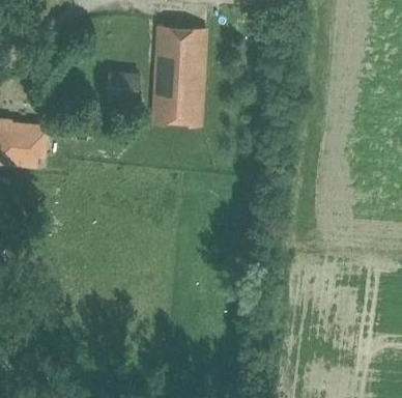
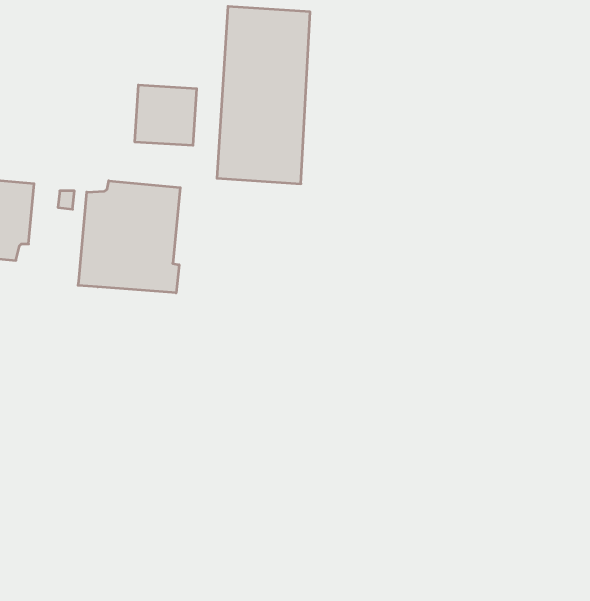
building: none -> [78,181,180,293]

